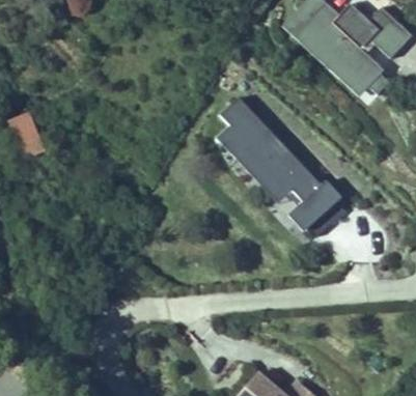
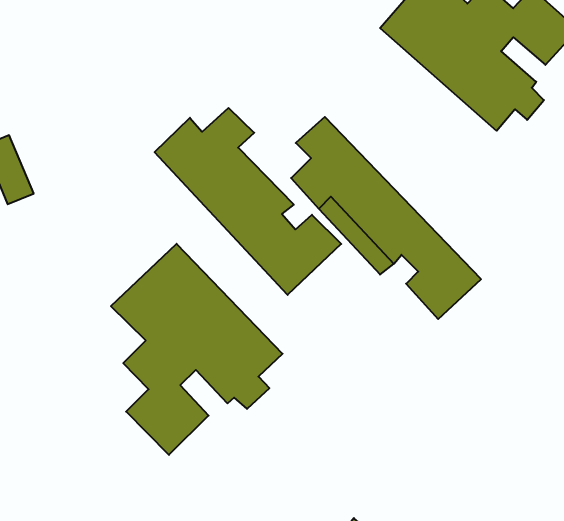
building: none -> [155,108,341,295]
building: none -> [111,244,283,455]

